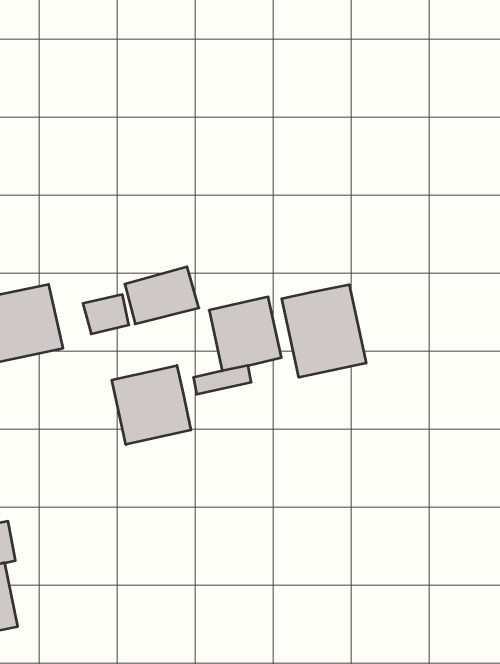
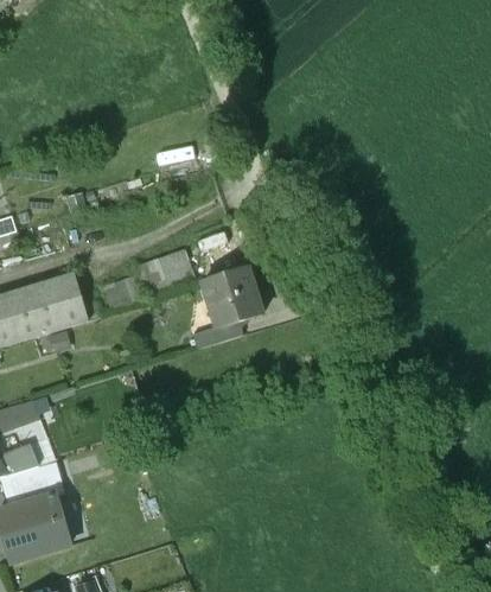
building: [282,285,366,377] -> none
building: [112,365,191,445] -> none

